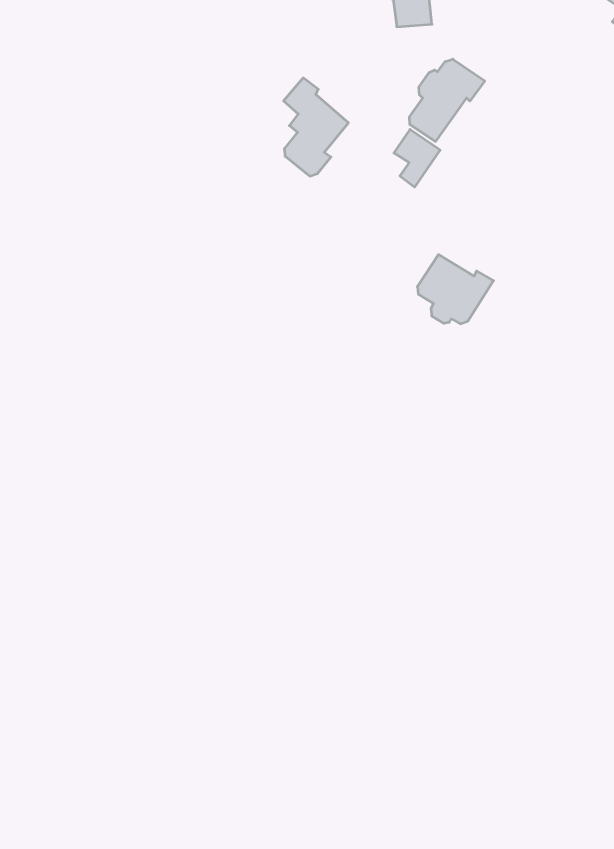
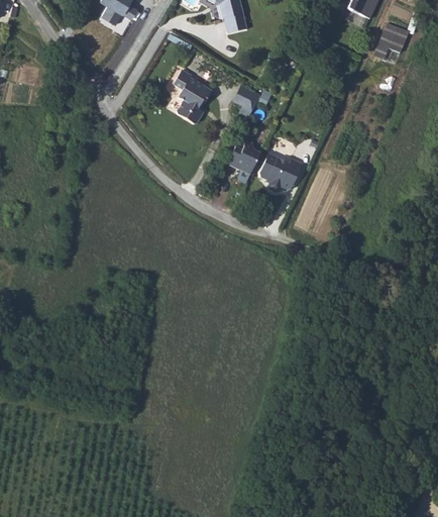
building: [410,59,485,141] -> none
building: none -> [227,141,257,188]

